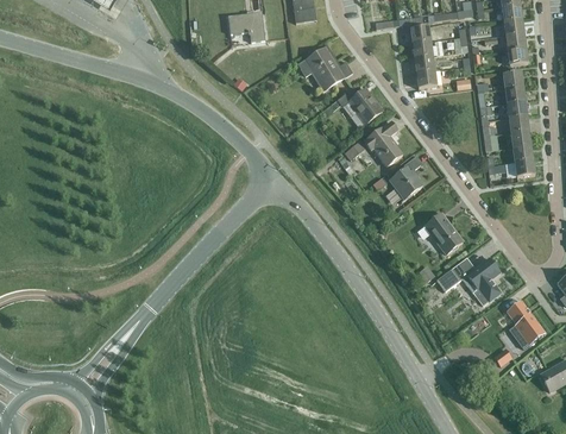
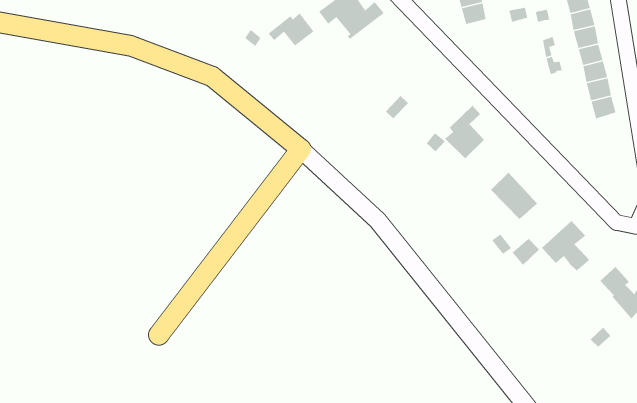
building: none -> [267,12,314,46]
building: [337,88,382,122] -> none
building: [364,122,402,165] -> none

